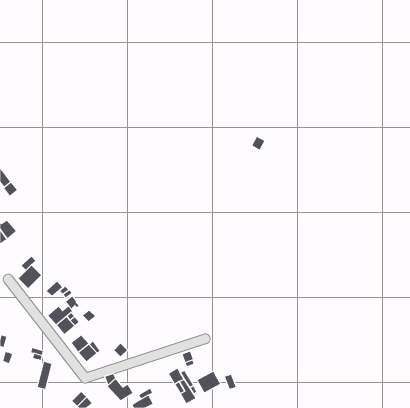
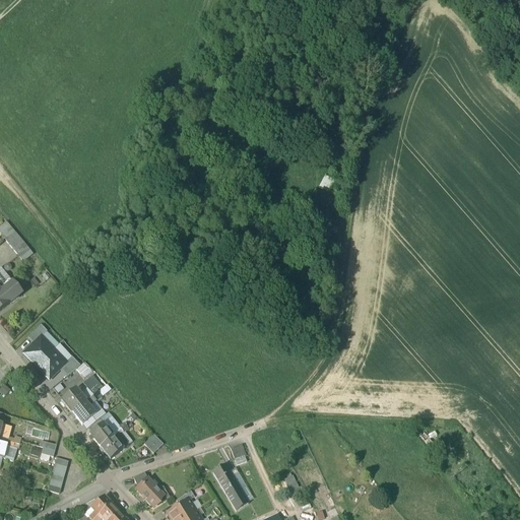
building: none -> [36,347,65,378]
building: [197,371,221,393] -> none

